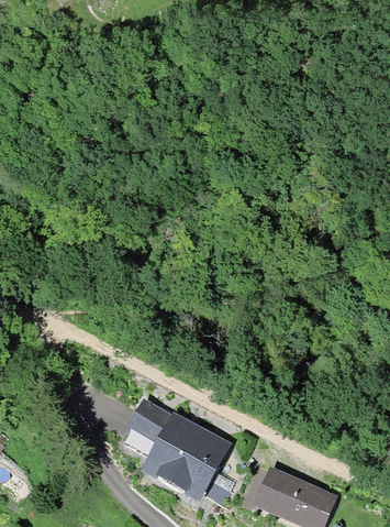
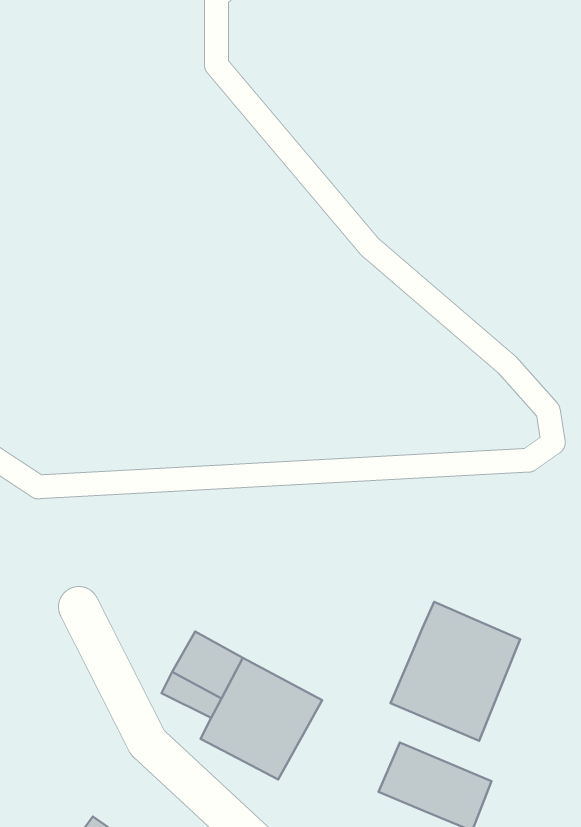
building: none -> [390,602,520,741]

